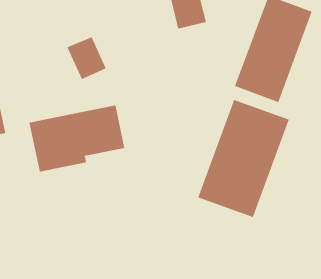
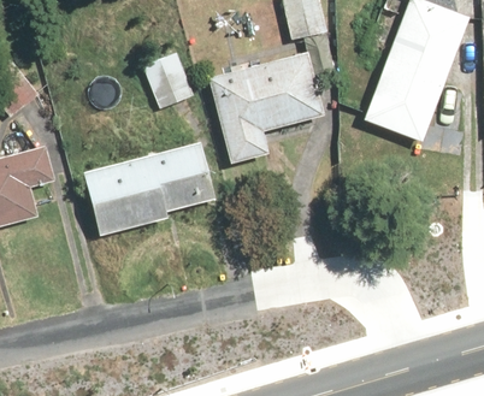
building: none -> [208,53,324,164]
building: [197,99,289,218] -> none

